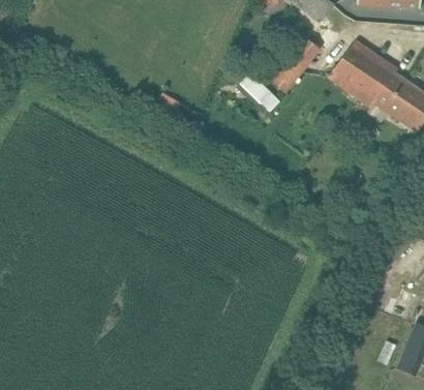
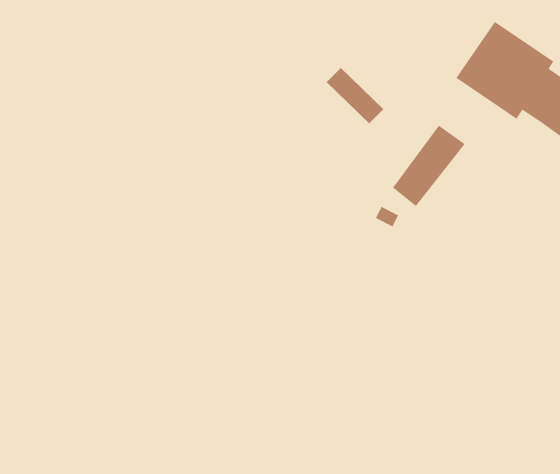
building: [268,35,319,92] -> [392,125,465,207]

